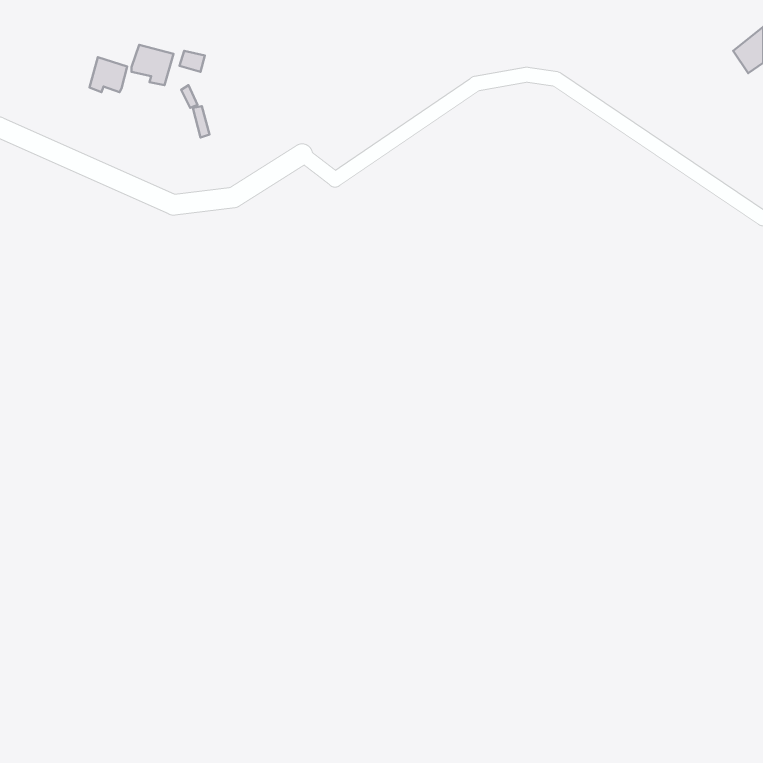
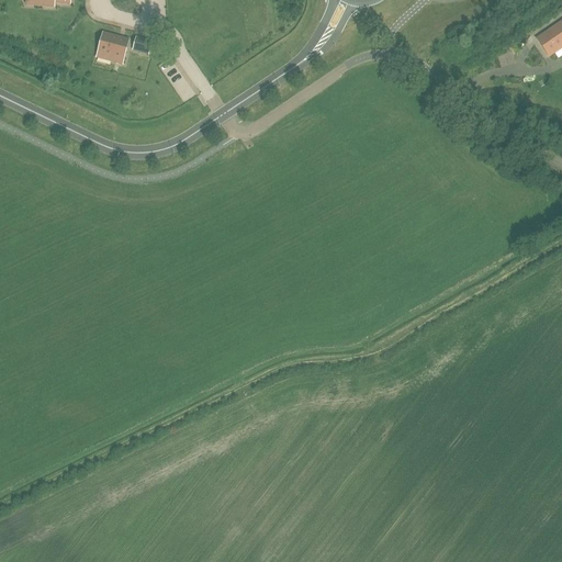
building: [89,57,127,92] -> none

